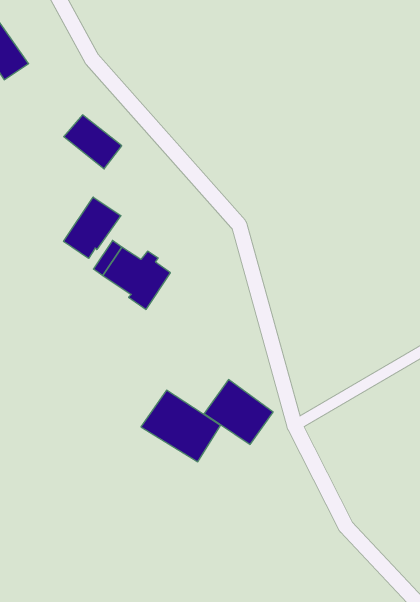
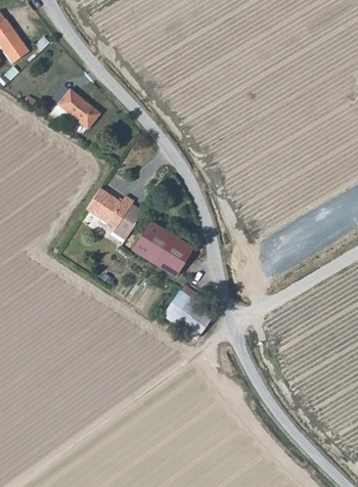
building: [64,197,121,258] -> none
building: [141,390,221,462] -> [134,221,194,275]

